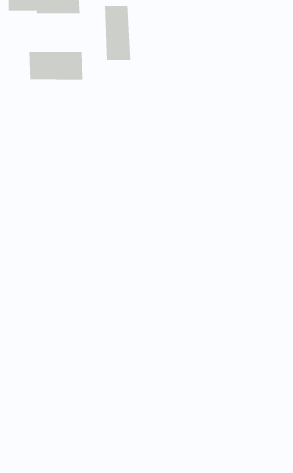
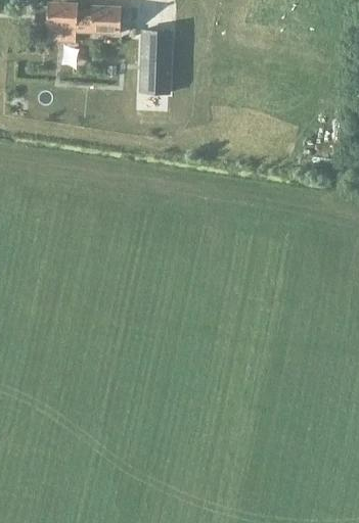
building: [29,51,83,80] -> none

